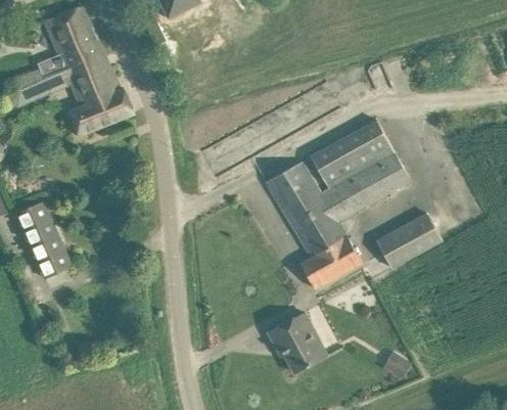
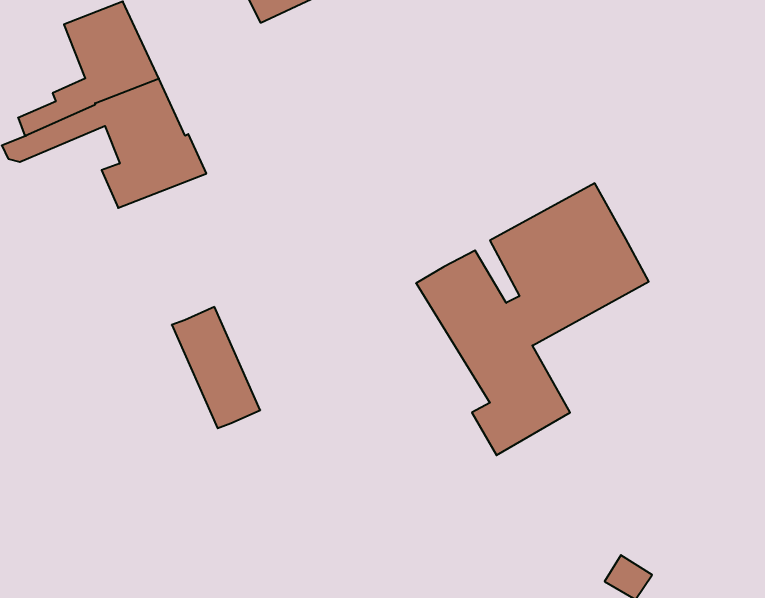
building: [16,202,72,278] -> [172,307,260,428]
building: [376,212,444,268] -> none
building: [268,313,327,373] -> none

